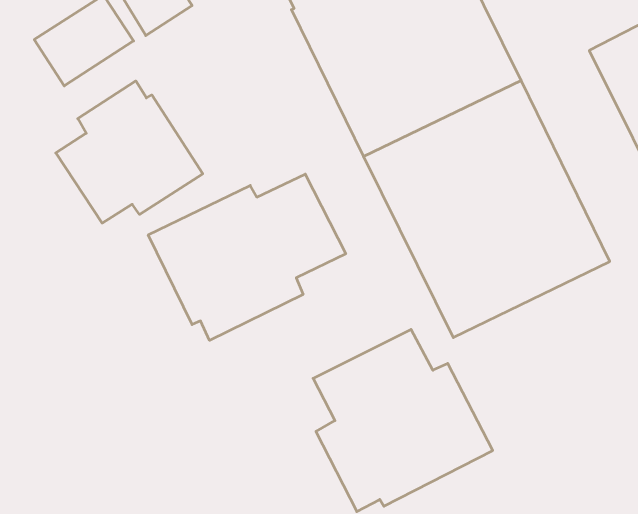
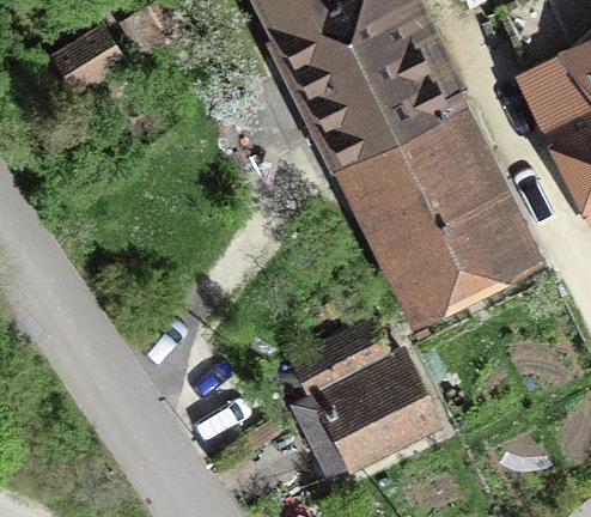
building: [56,81,203,223] -> none
building: [148,174,346,340] -> none

